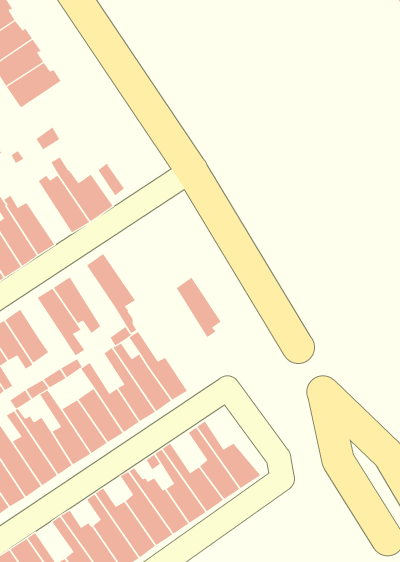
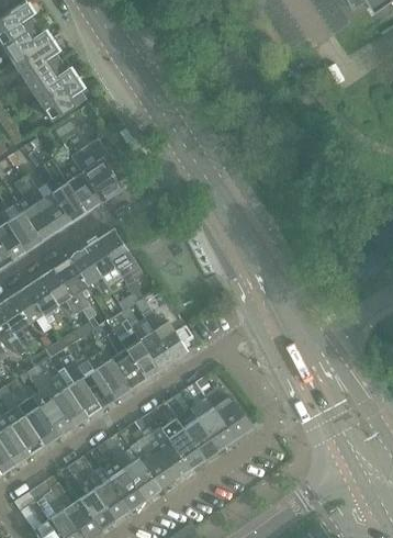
building: none -> [38,77,85,121]
building: none -> [43,160,83,222]
building: [176,277,222,338] -> [82,240,123,294]
building: none -> [38,269,80,315]

